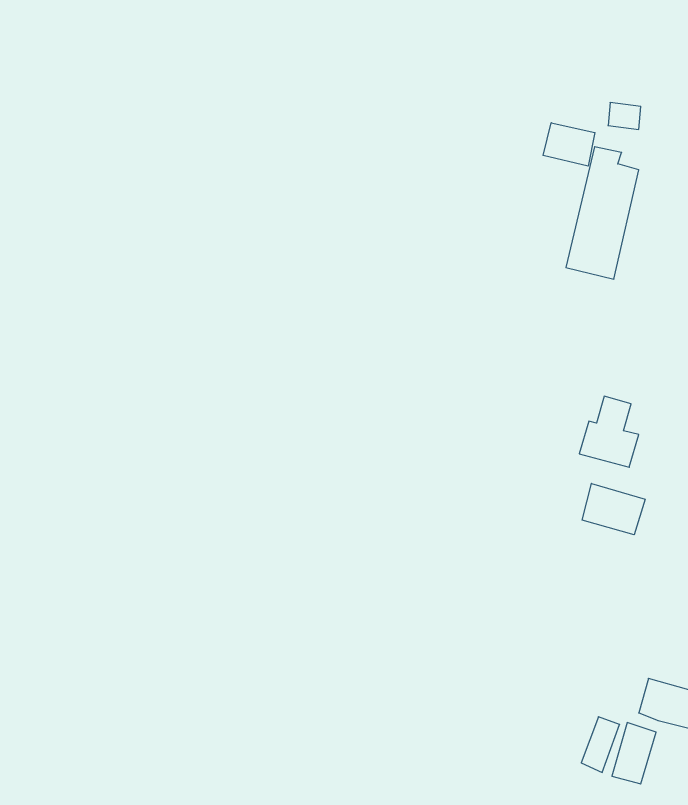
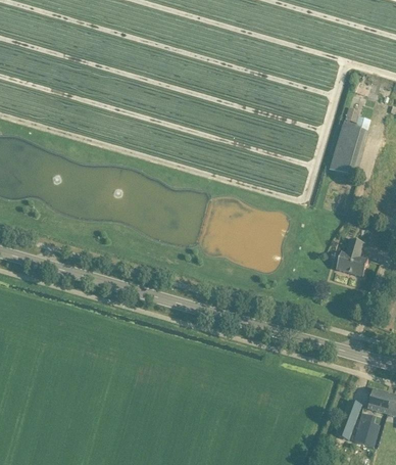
building: [543,123,595,166] -> none
building: [582,483,645,535] -> none

